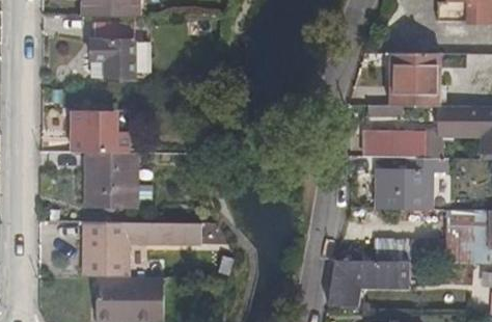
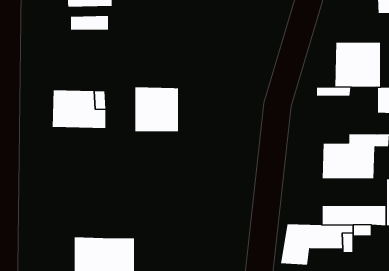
building: [90,42,135,77] -> none
building: [367,132,437,159] -> none
building: [86,152,136,203] -> [135,87,179,132]
building: [84,221,201,276] -> none

